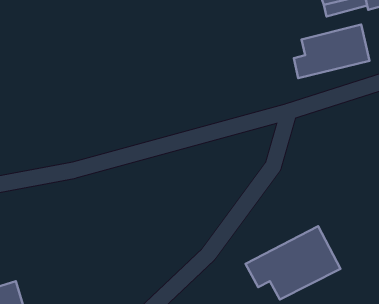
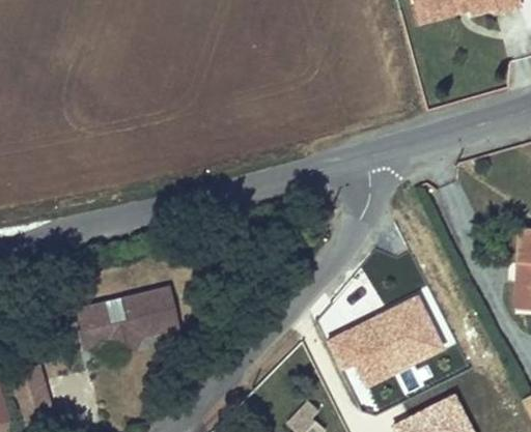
building: [294,24,370,78] -> none
building: none -> [79,286,183,352]

